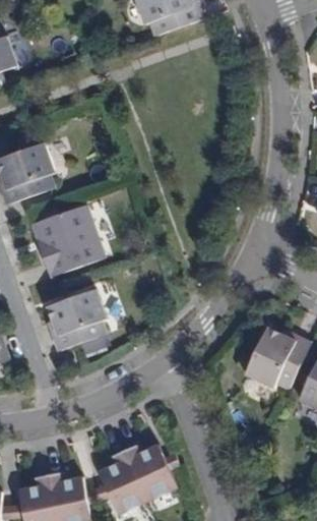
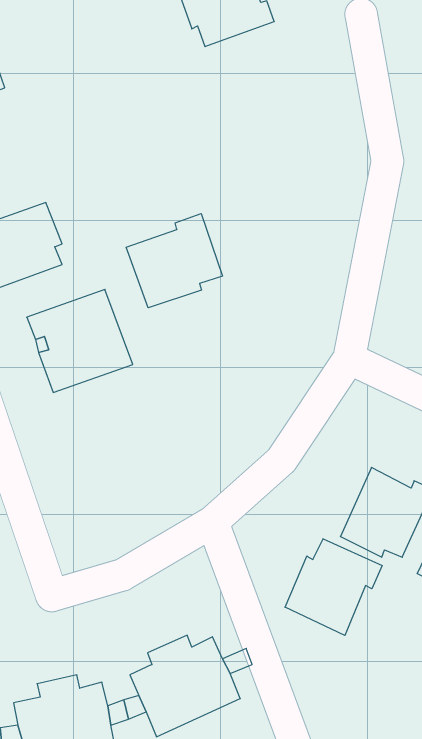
building: none -> [126,214,223,308]
building: [46,290,102,350] -> none
building: none -> [285,539,382,635]

